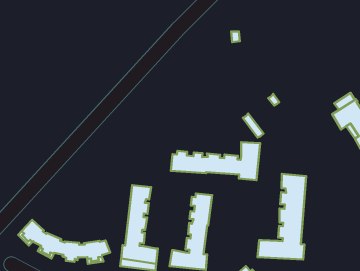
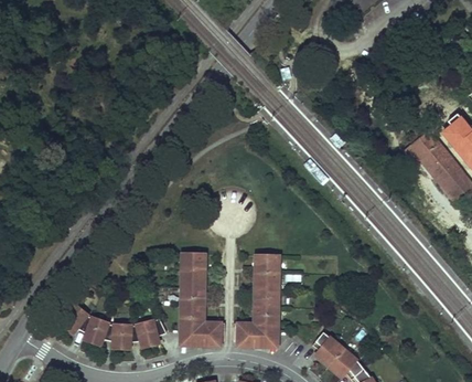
building: [171,142,260,180] -> none
building: [258,174,306,260] -> none

